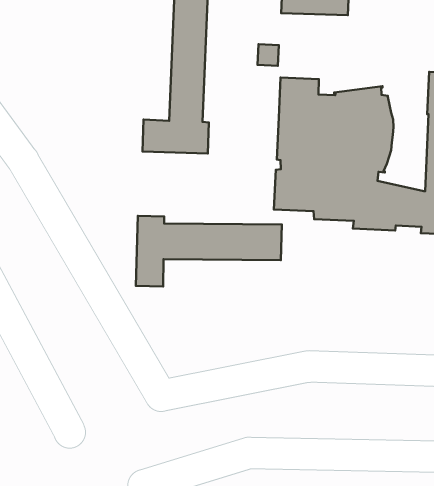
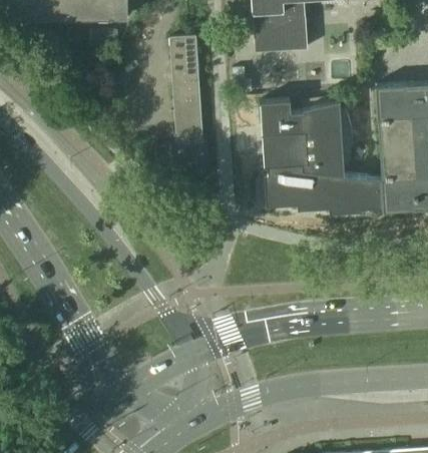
building: [136,216,282,286] -> none

